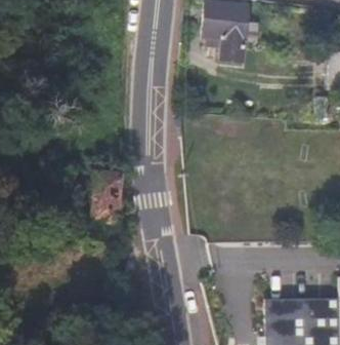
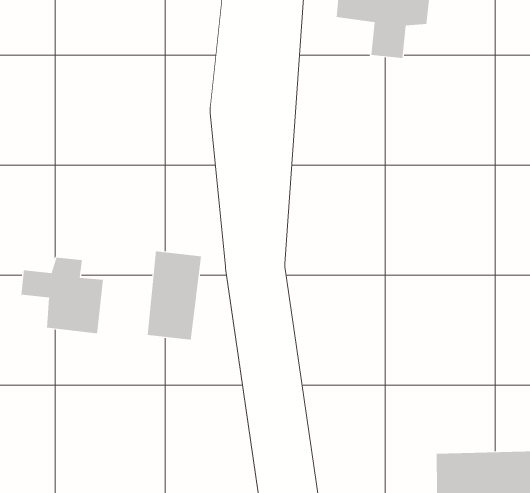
building: none -> [21,257,104,334]

